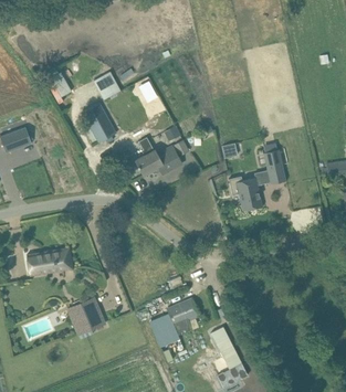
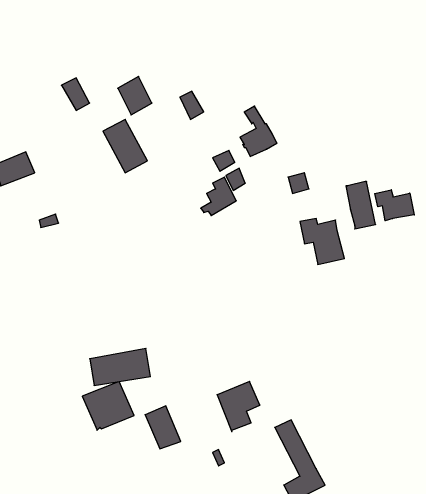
building: [135,137,162,174] -> [240,106,277,156]
building: none -> [375,190,414,221]
building: [27,247,72,275] -> [90,348,150,385]
building: [148,312,175,345] -> [145,406,181,449]

